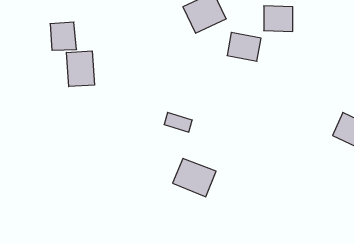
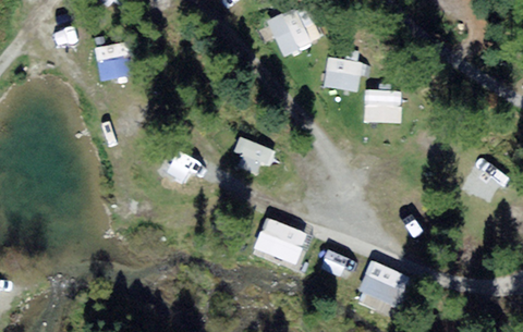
building: [264,6,293,31] -> [364,89,401,122]
building: [66,51,94,87] -> none
building: none -> [357,261,415,310]

